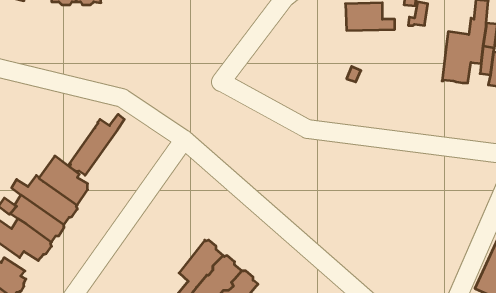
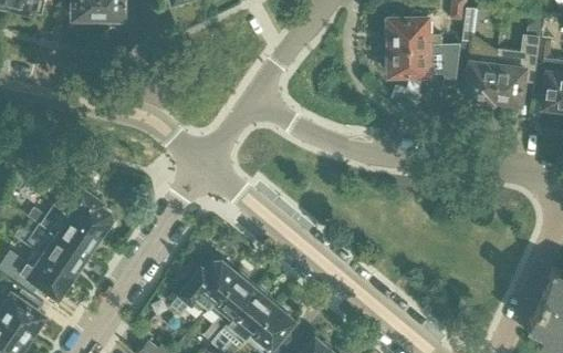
building: none -> [388,46,460,90]
building: none -> [463,46,496,102]
building: [69,114,124,175] -> none
building: none -> [169,261,236,314]

